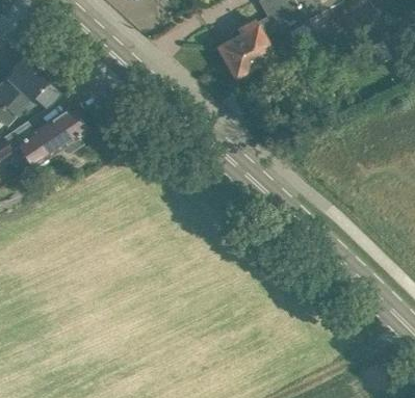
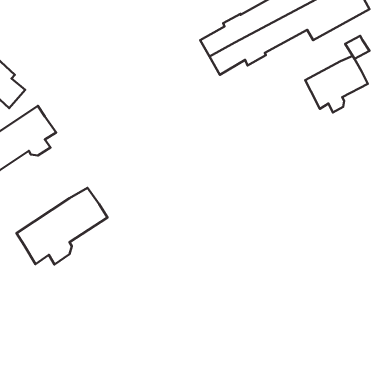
building: none -> [305,56,368,112]
building: none -> [16,188,107,264]

